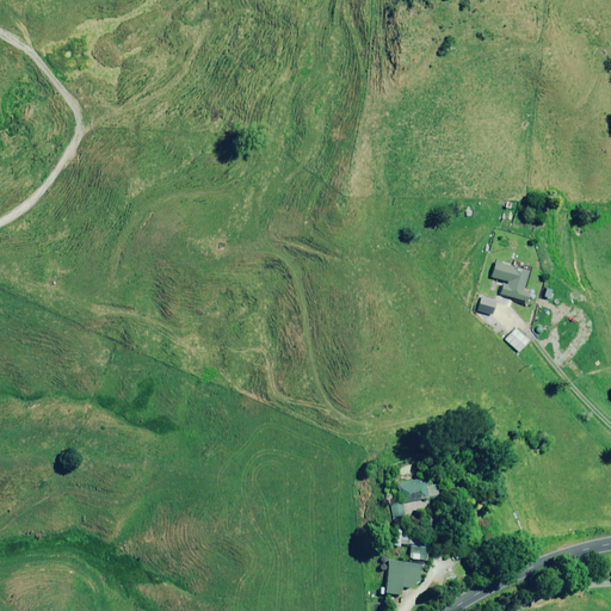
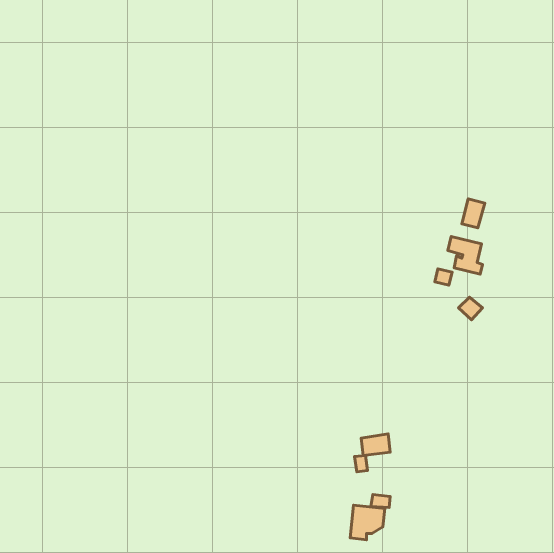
building: none -> [462,199,485,228]

